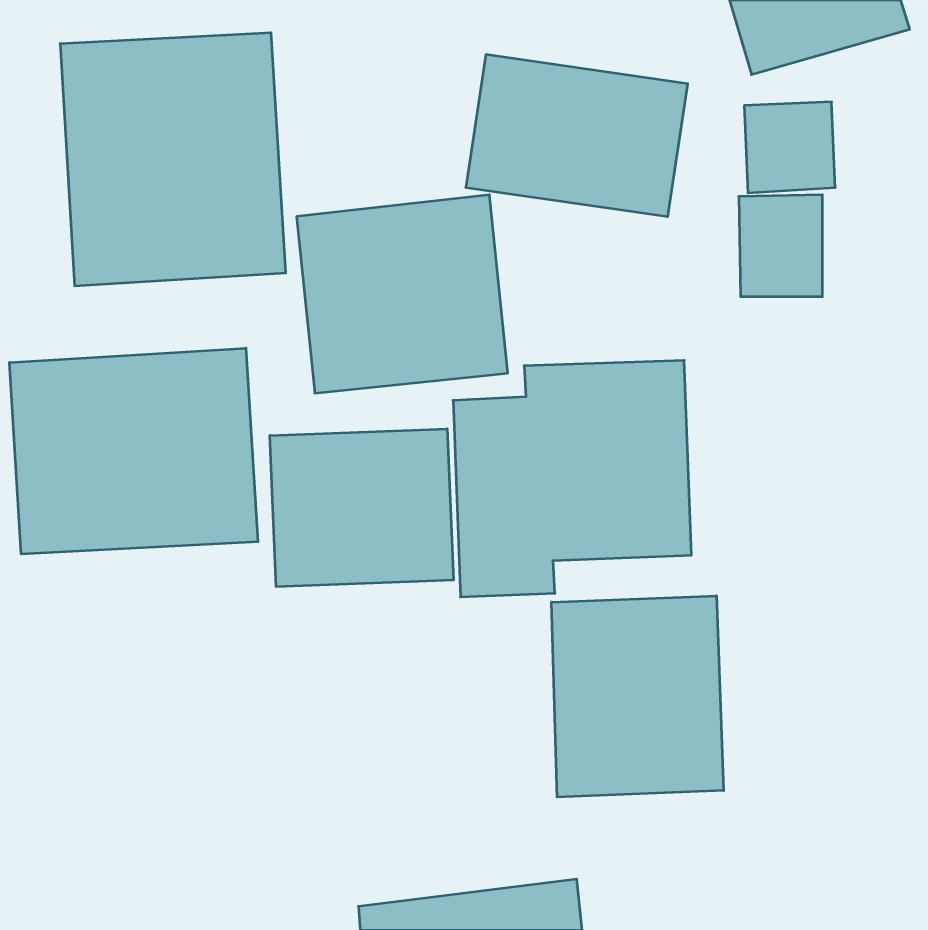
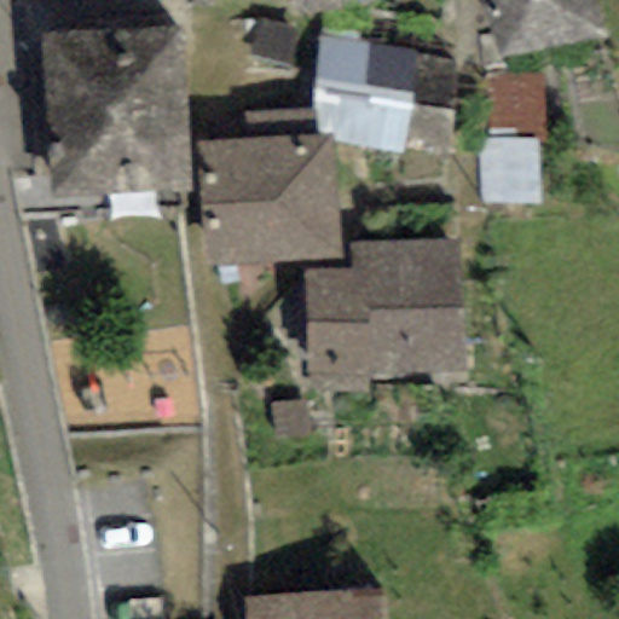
building: [10,348,258,554] -> none
building: [270,429,453,587] -> none
building: [552,596,724,797] -> none

